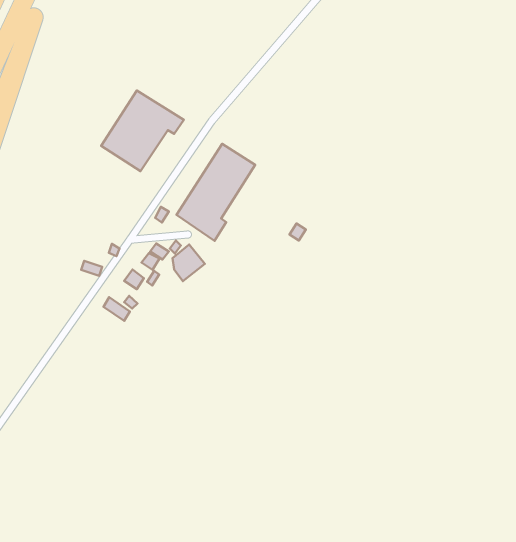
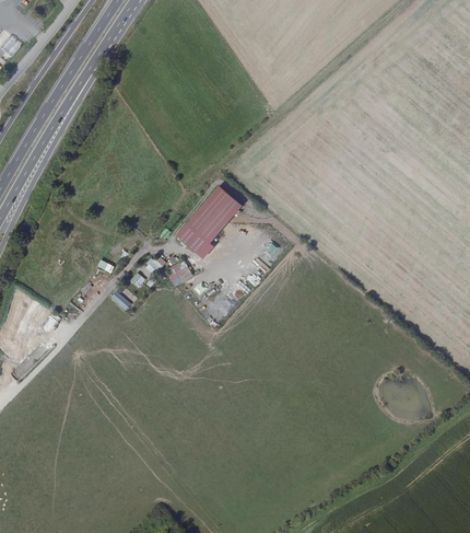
building: [101,91,184,171] -> none

